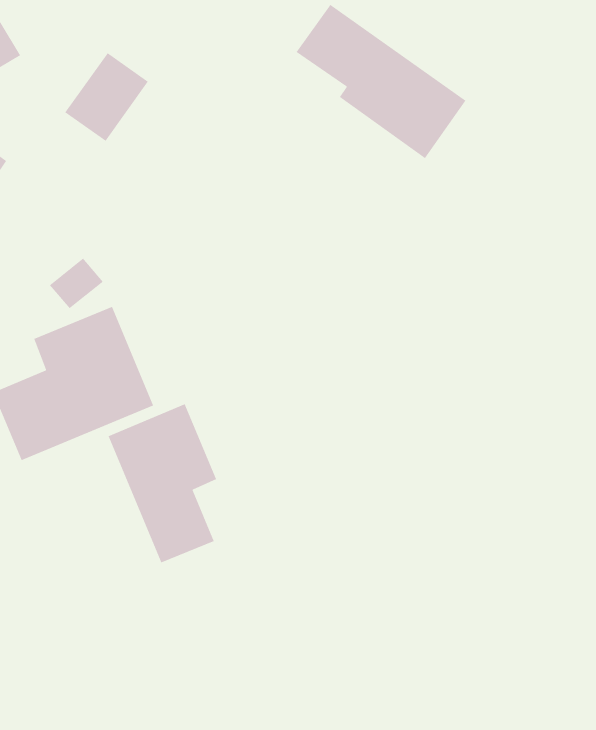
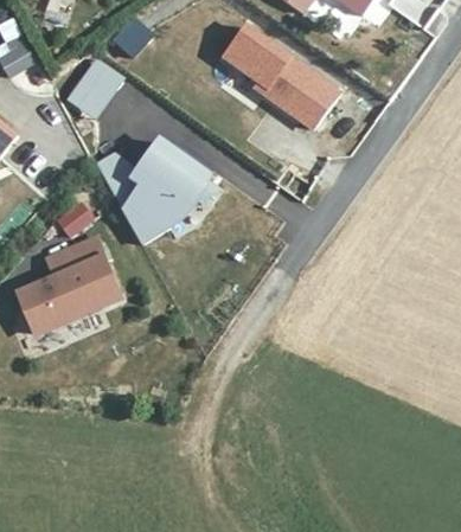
building: none -> [94,136,215,244]
building: [108,403,217,563] -> none

